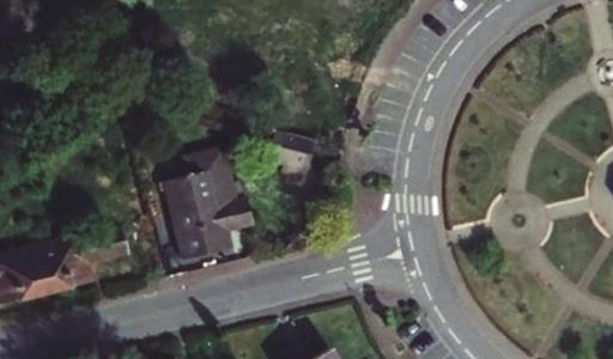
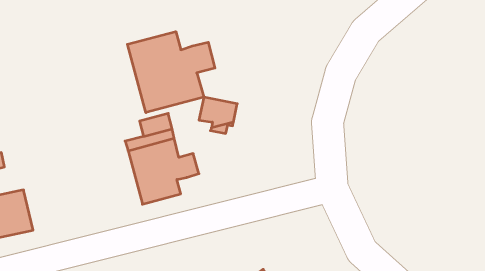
building: none -> [127,32,215,113]
building: [32,236,127,298] -> none

